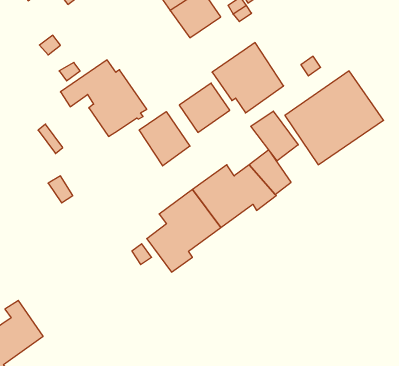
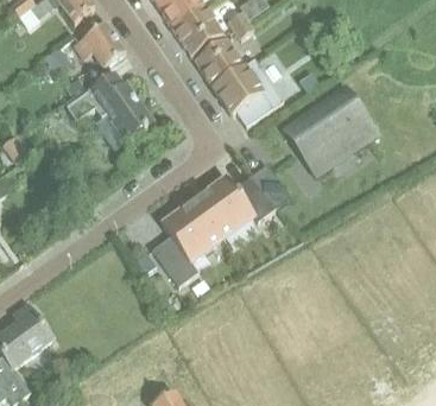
building: none -> [72,23,124,66]
building: [179,83,230,132] -> [195,39,244,87]
building: [251,111,298,161] -> none
building: [139,112,190,166] -> none

